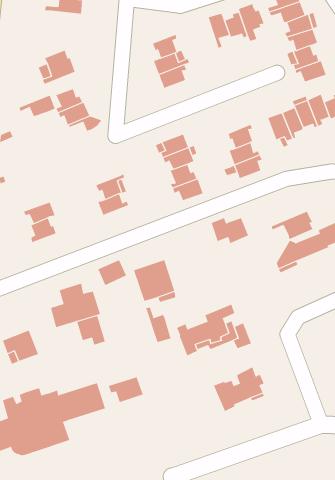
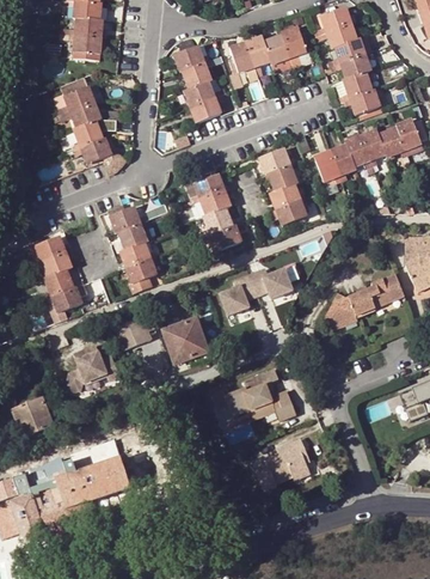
building: none -> [67,33,102,54]
building: none -> [227,41,258,81]
building: none -> [172,45,209,72]
building: [19,95,56,117] -> [59,103,100,128]
building: none -> [258,147,294,175]
building: none -> [109,206,145,232]
building: none -> [27,234,66,262]
building: none -> [125,255,158,293]
building: [271,211,313,240] -> none
building: none -> [219,275,256,316]
building: none -> [44,286,81,312]
building: [146,307,171,343] -> none
building: [76,315,106,345] -> none
building: [108,376,143,403] -> none

